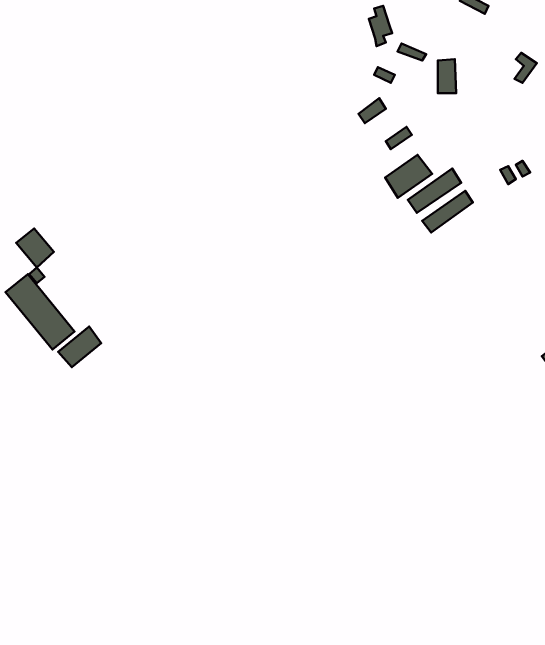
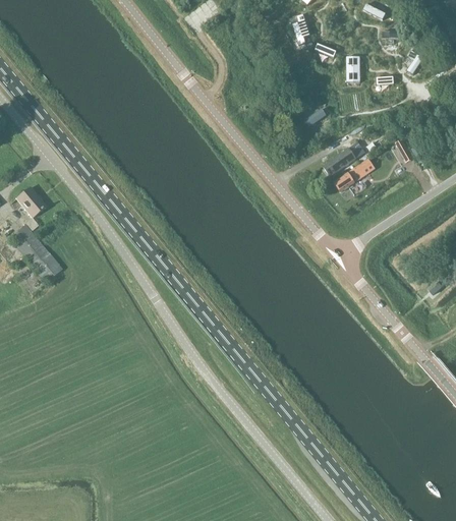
building: [385,155,432,198] -> none
building: [58,326,101,367] -> none

